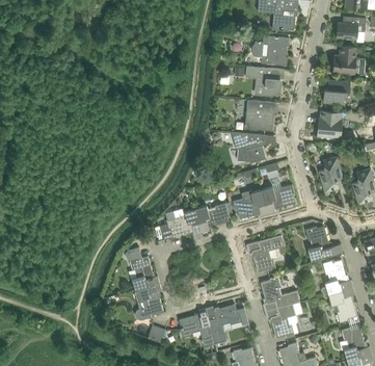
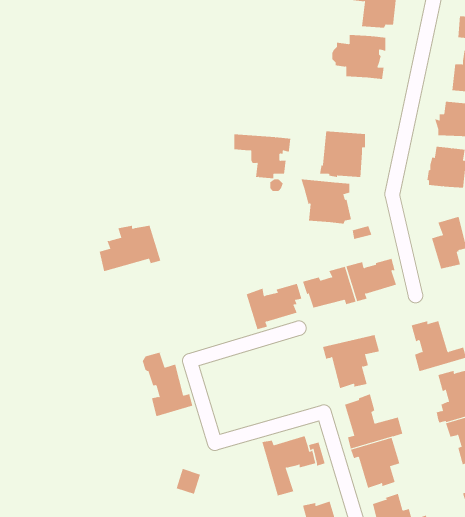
building: [245,67,284,97] -> [234,134,291,179]
building: [160,209,202,240] -> [99,225,161,272]
building: [134,284,163,320] -> none
building: [178,308,215,347] -> none

